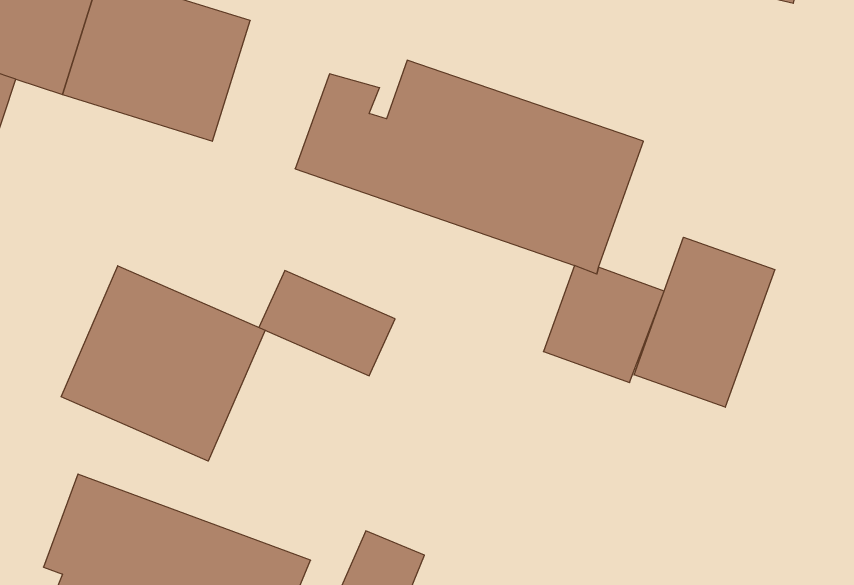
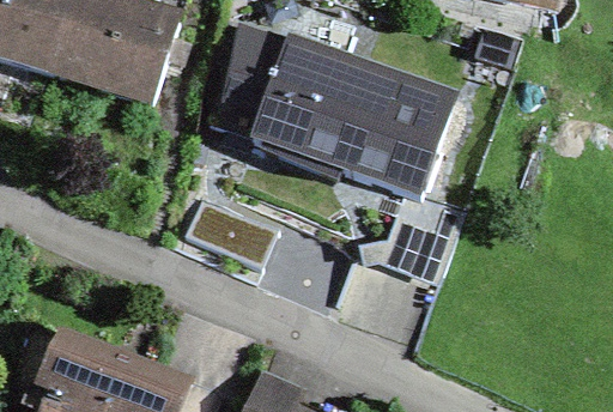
building: [634,237,775,407] -> none
building: [61,266,265,461] -> none

